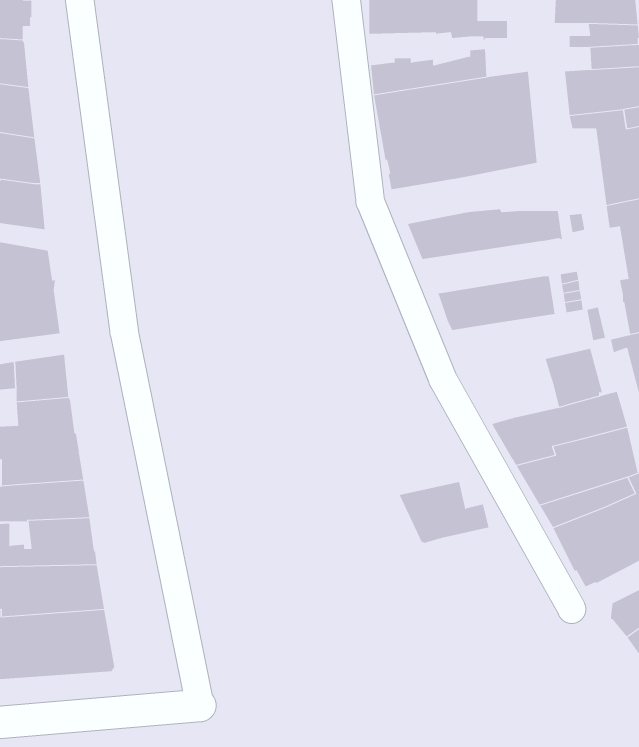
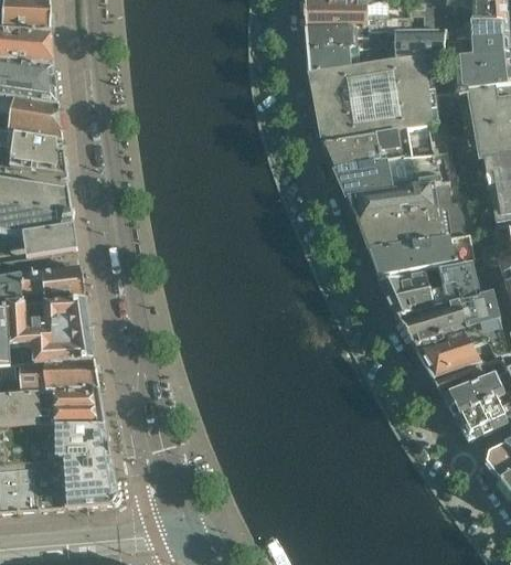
building: none -> [306,24,381,49]
building: none -> [393,28,443,57]
building: none -> [322,121,435,167]
building: none -> [345,180,437,218]
building: none -> [366,234,457,275]
building: [399,482,489,544] -> [380,269,447,316]

